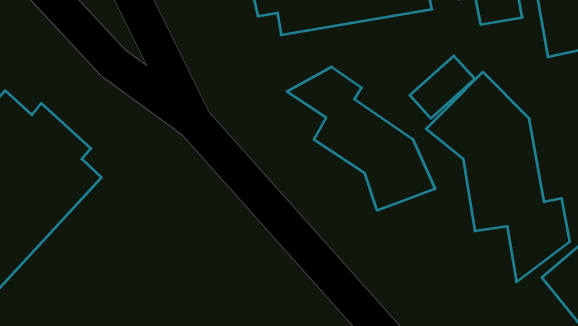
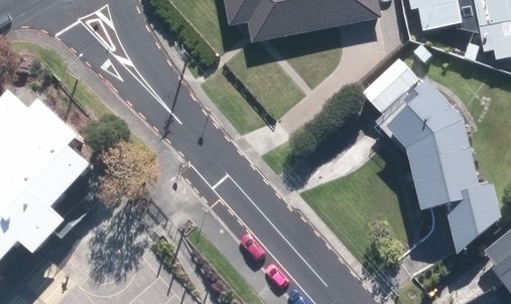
building: [287,67,435,210] -> none

